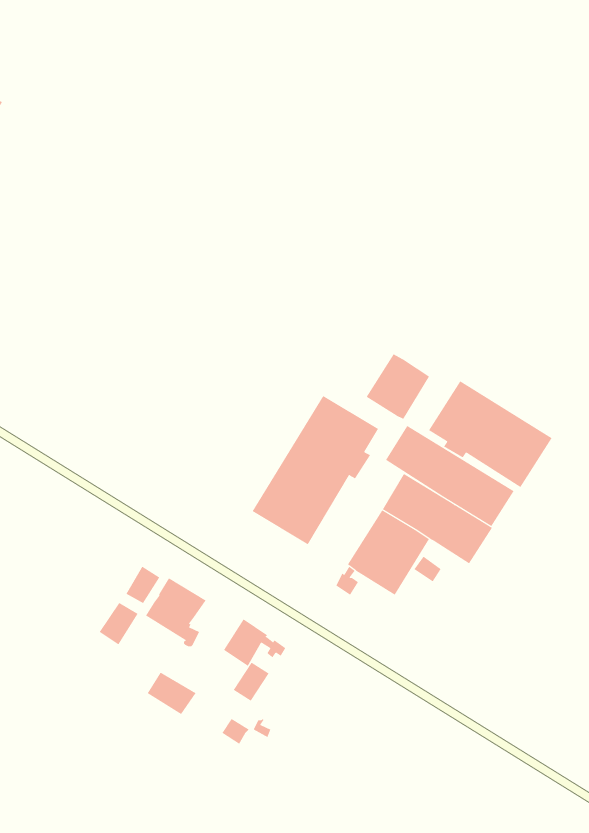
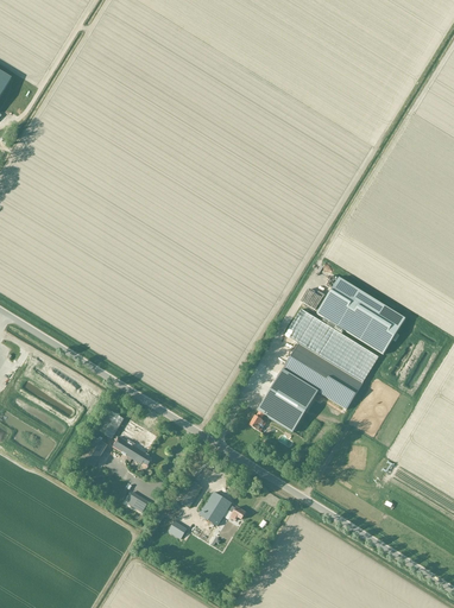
building: [366,353,430,419] -> none
building: [252,395,379,545] -> none
building: [223,618,286,666] -> [200,490,245,525]

